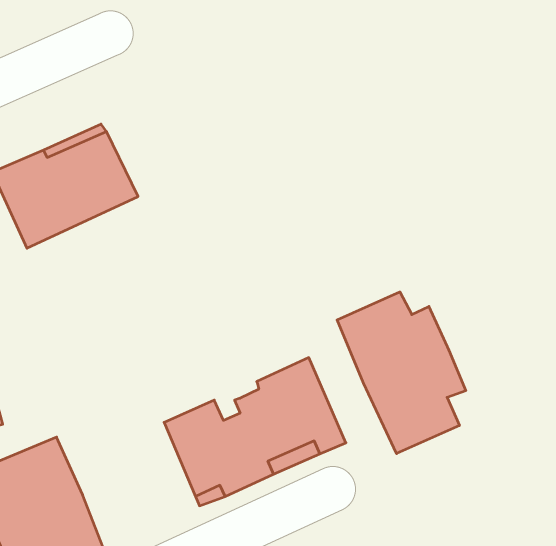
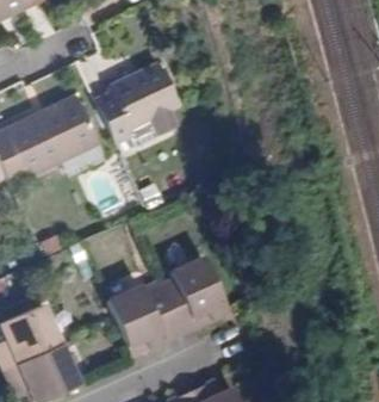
building: none -> [95,66,180,147]
building: [337,292,466,454] -> none

